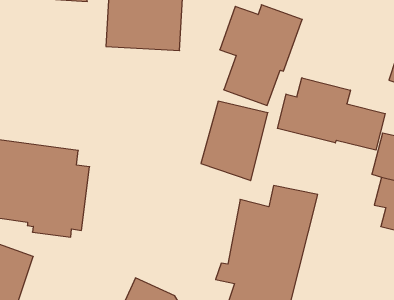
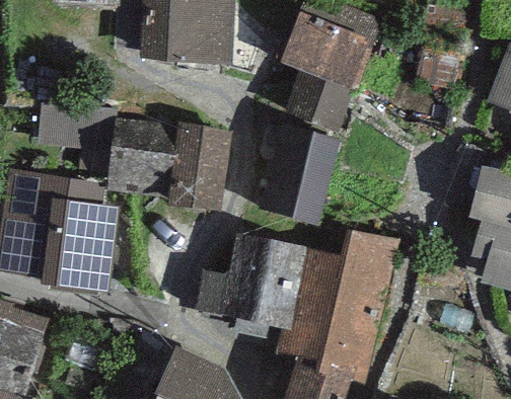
building: [277,78,385,150] -> none
building: none -> [108,117,230,210]
building: none -> [195,235,305,328]

